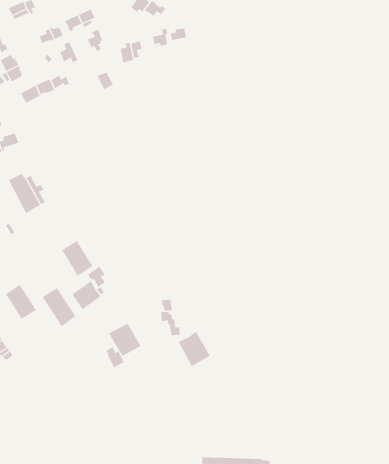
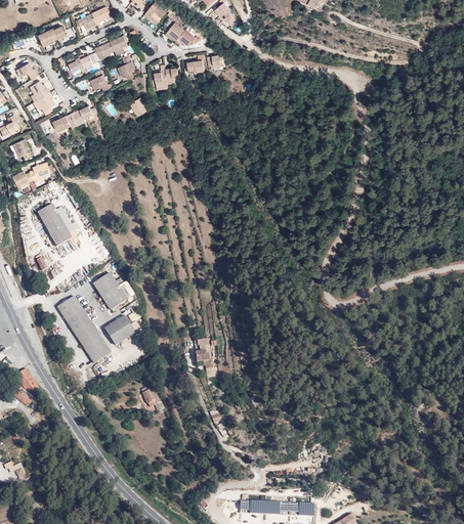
building: [5,284,37,320] -> [56,298,89,335]
building: [108,323,141,357] -> none
building: [178,331,211,367] -> none

